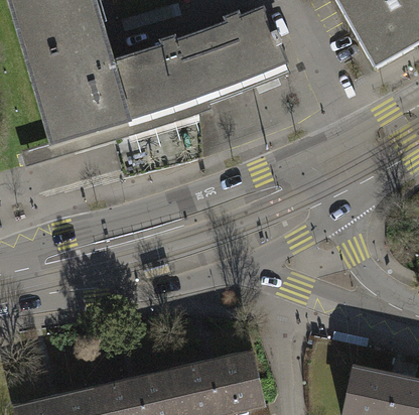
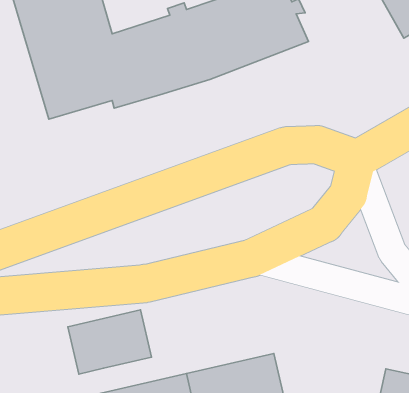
building: none -> [68,310,152,374]

